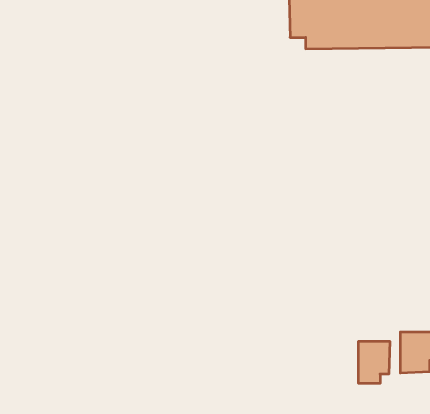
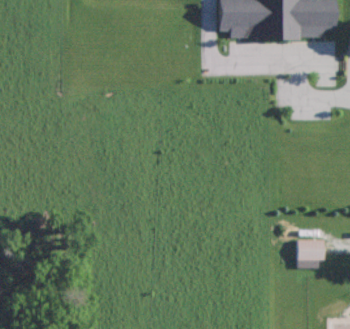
building: [359,341,390,383] -> none

